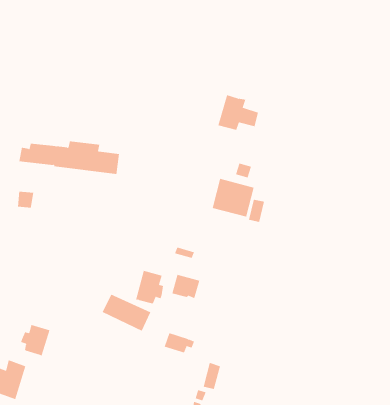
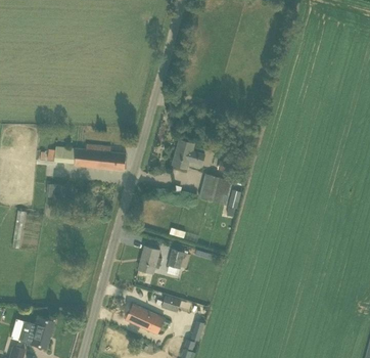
building: [217,94,259,131] -> [173,140,205,169]
building: [102,294,151,331] -> [126,305,165,334]
building: [21,324,50,357] -> none

